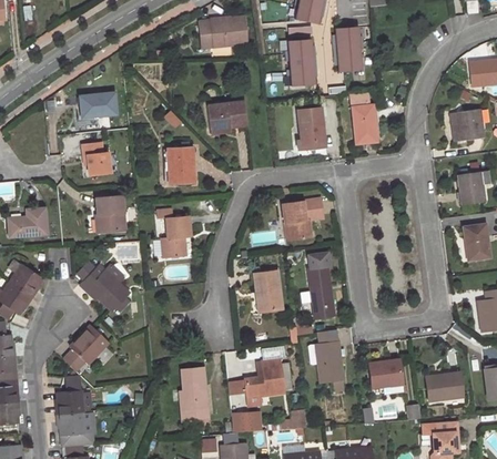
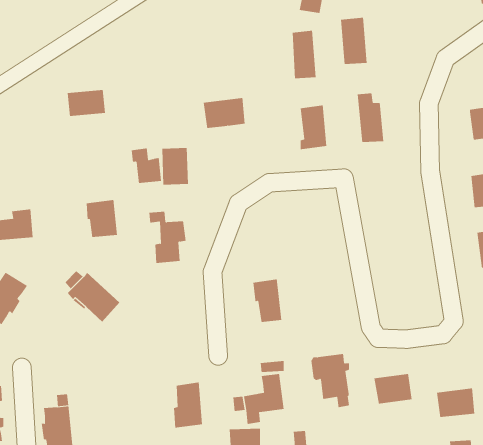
building: [200,16,246,47] -> none
building: [83,143,112,176] -> [131,148,162,183]
building: [281,198,322,241] -> none
building: [306,251,333,316] -> none
building: [62,324,108,370] -> none

